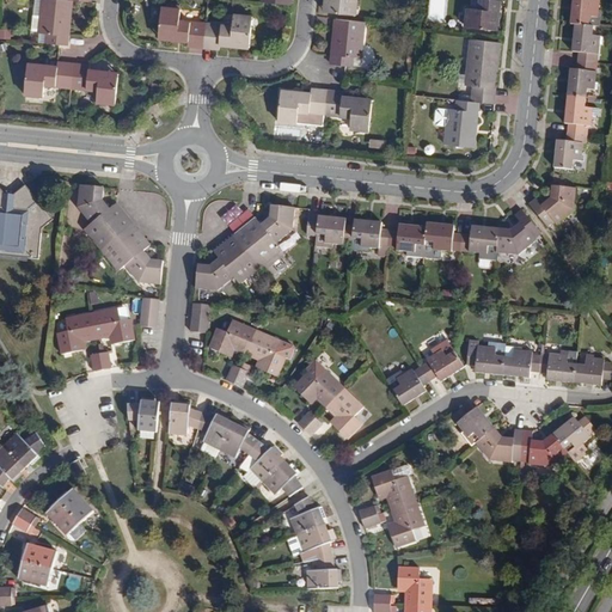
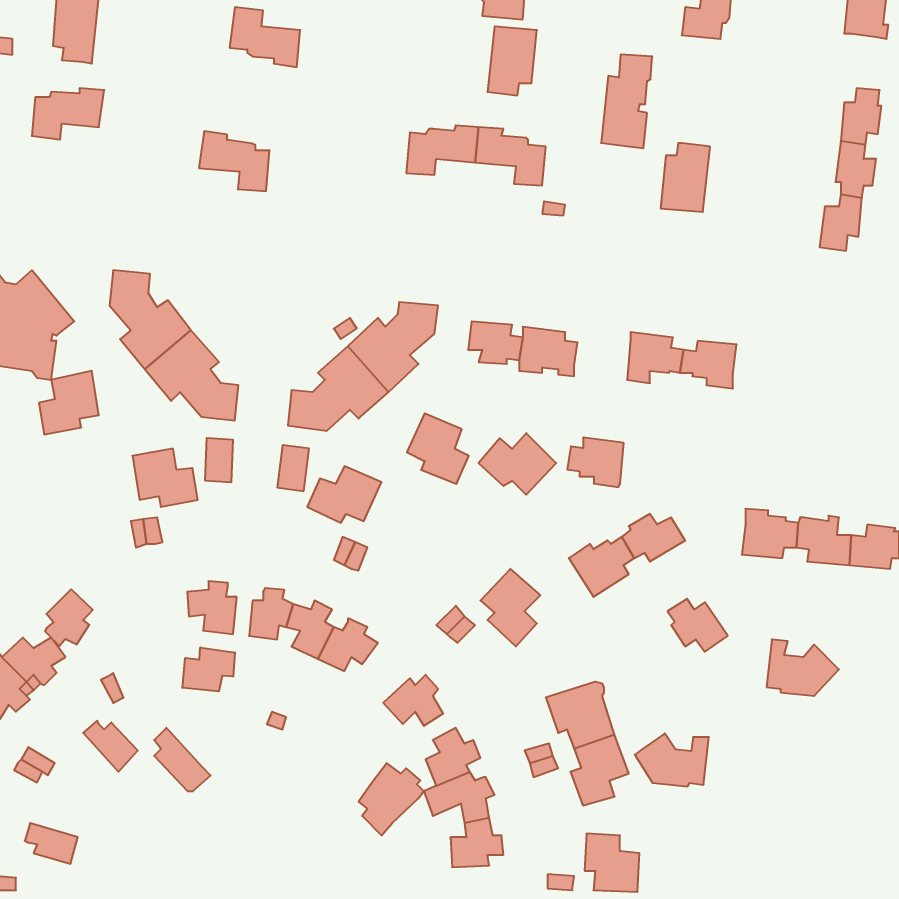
building: [201,13,250,47] -> none
building: [574,23,601,61] -> none
building: [461,37,496,100] -> [601,55,652,148]
building: [67,61,115,102] -> [199,131,270,191]
building: [530,185,576,228] -> none
building: [496,210,541,255] -> none
building: [388,226,427,259] -> [567,438,624,487]
building: [54,308,94,351] -> [39,371,99,434]
building: [246,326,288,374] -> [407,413,469,484]
building: [466,338,506,375] -> none
building: [293,365,345,406] -> [479,433,556,495]
building: none -> [45,589,93,646]
building: [551,417,594,460] -> none
building: [472,430,522,466] -> [635,733,709,786]
building: [237,435,281,484] -> [359,763,424,835]
building: none -> [182,647,235,691]
building: [48,496,86,539] -> [154,728,211,791]
building: [20,541,59,567] -> none

